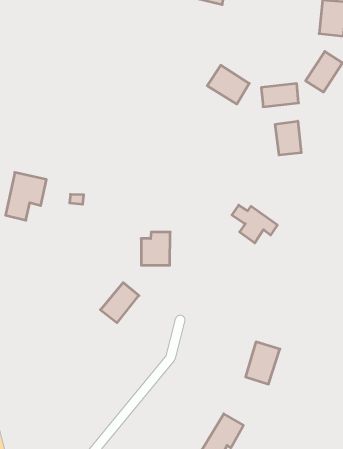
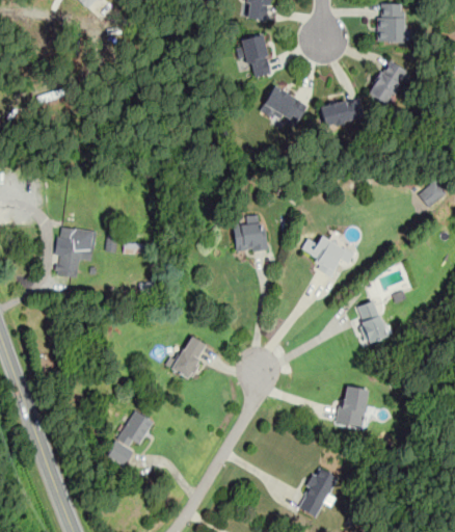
building: none -> [236,36,269,76]
building: [275,121,301,155] -> none
building: [141,232,170,265] -> [233,214,267,254]
building: none -> [353,299,390,344]
building: none -> [106,409,153,467]

